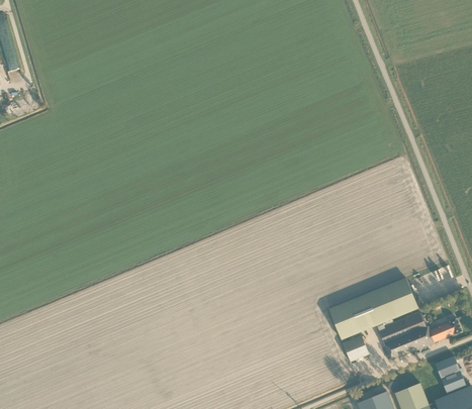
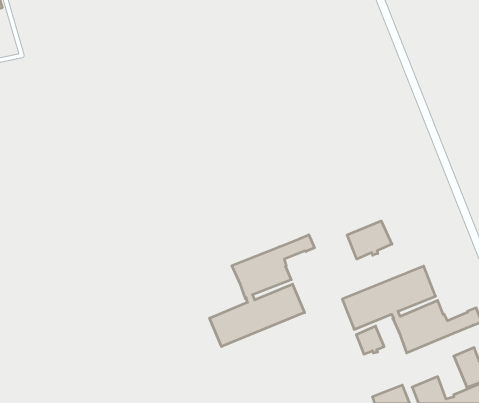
building: none -> [347,221,392,259]
building: none -> [210,235,314,347]

